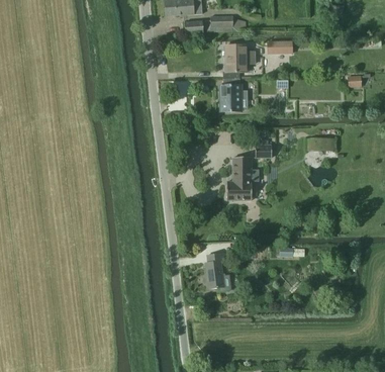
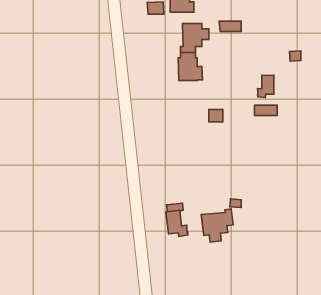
building: none -> [257,75,274,97]
building: [226,156,251,199] -> none
building: none -> [201,209,233,242]

